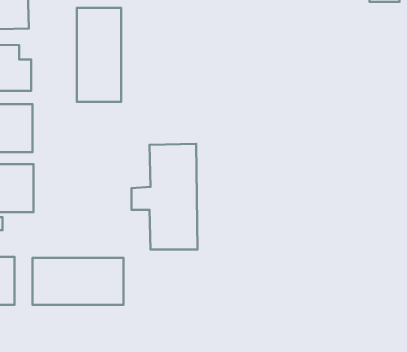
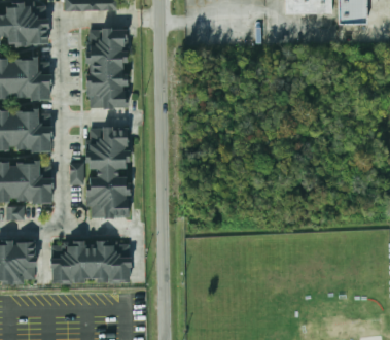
building: [131,144,197,249] -> [72,128,129,218]

